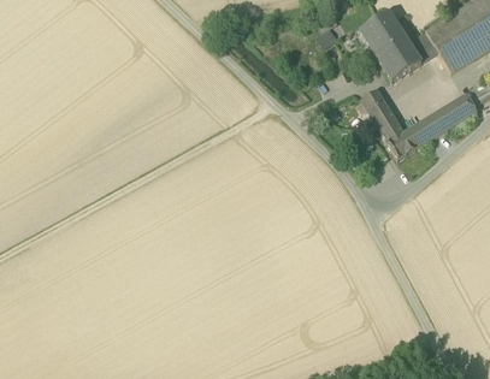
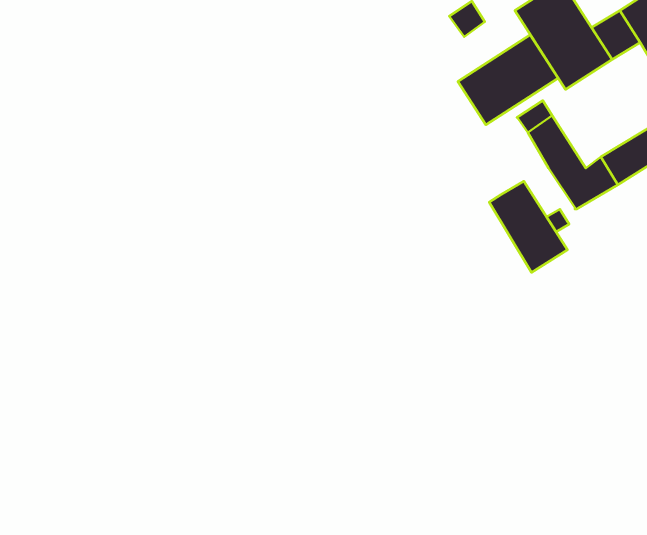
building: none -> [458,35,558,125]
building: none -> [489,181,567,273]

